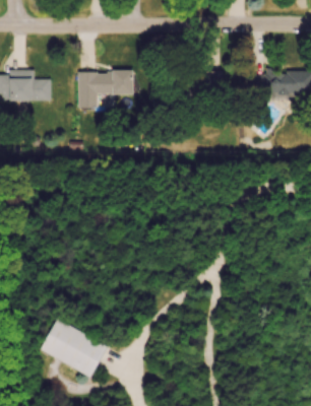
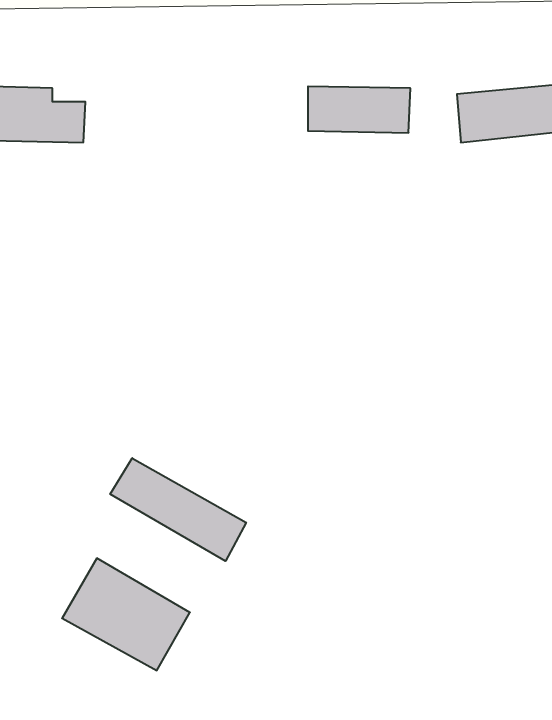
building: [79,71,133,109] -> none
building: none -> [110,458,246,561]

